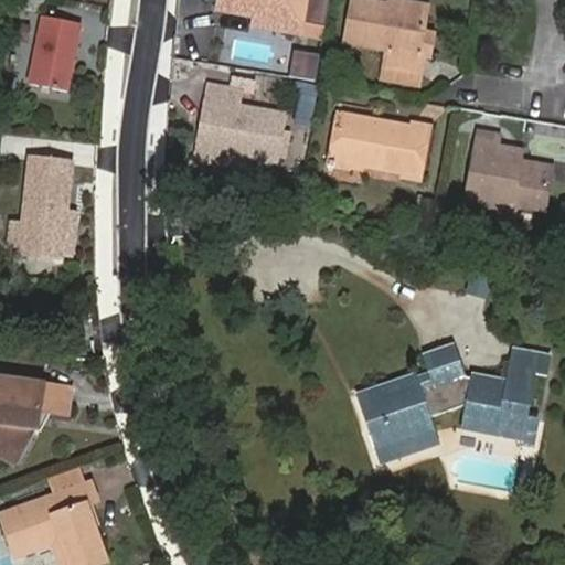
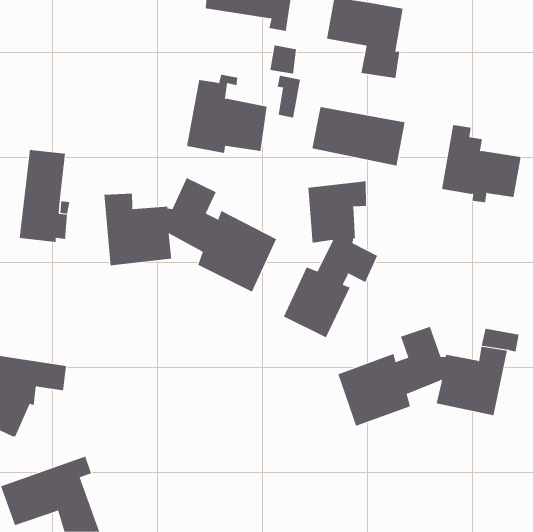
building: [29,15,81,89] -> none
building: none -> [104,177,277,293]
building: none -> [283,181,378,338]

